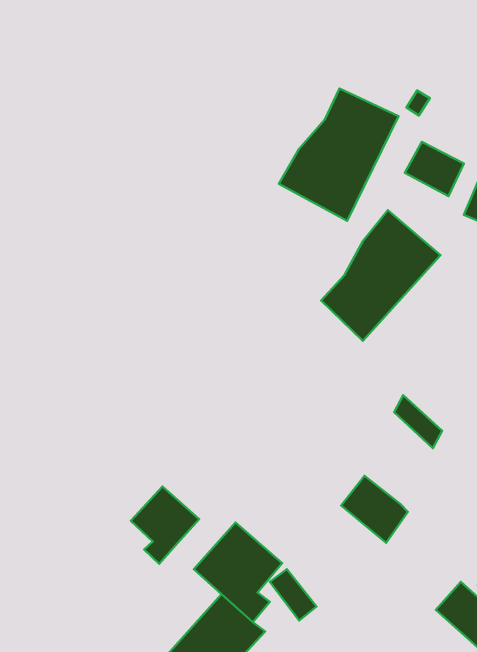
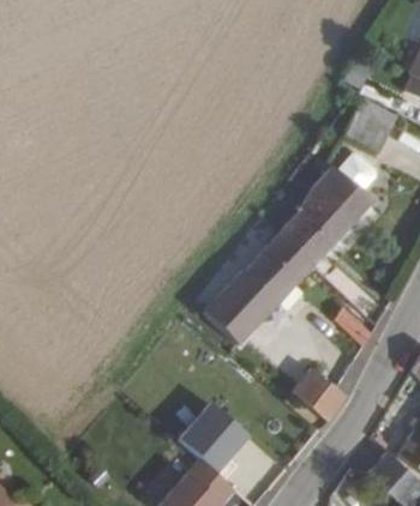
building: [279,89,399,221] -> none
building: none -> [202,233,311,345]
building: [131,487,199,564] -> none

